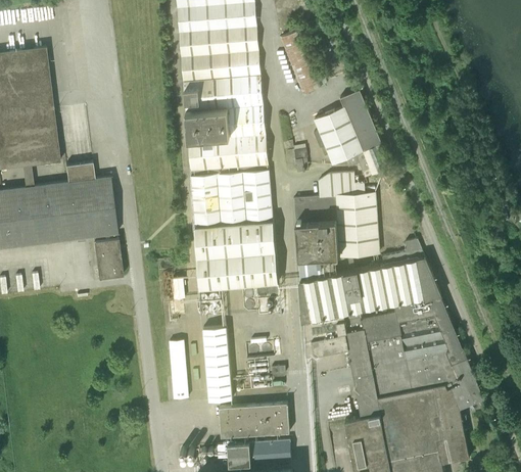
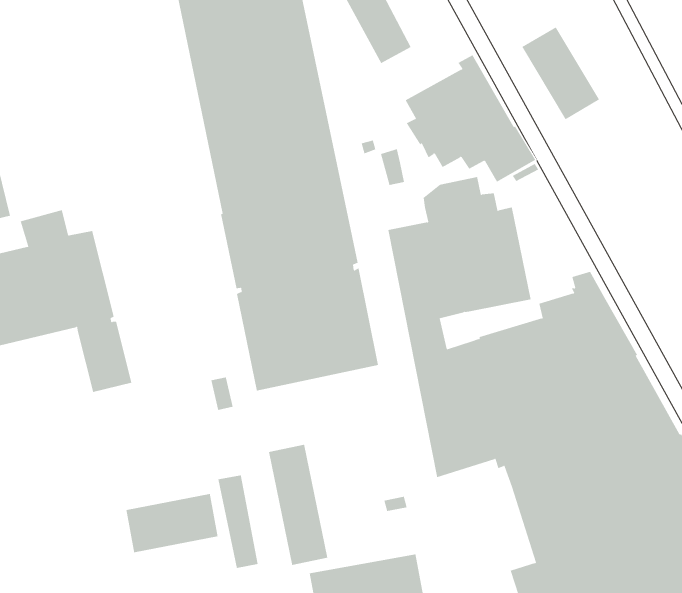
building: none -> [522,26,600,120]
building: none -> [126,493,218,553]

